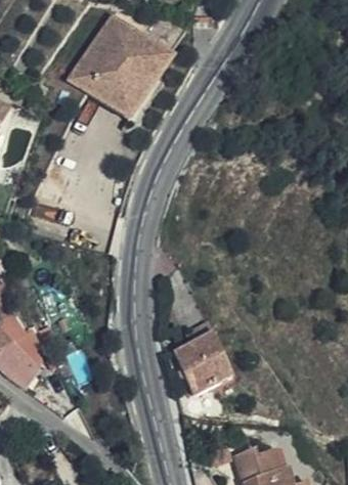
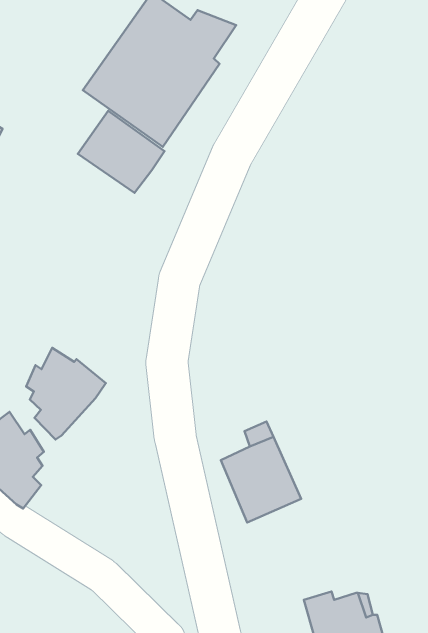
building: none -> [78,111,165,193]
building: none -> [26,348,106,440]

